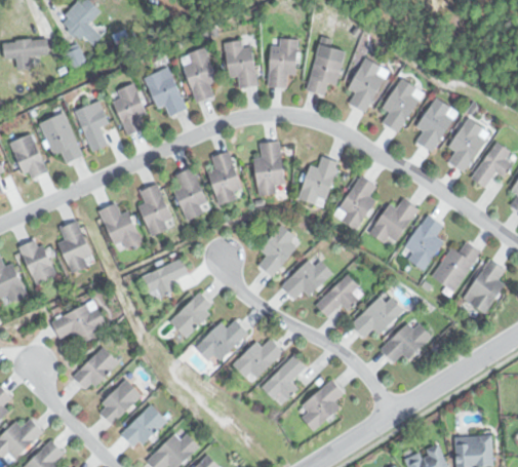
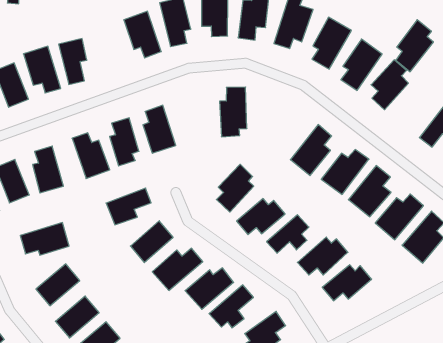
building: [112,83,147,137] -> none
building: [448,117,487,173] -> [396,20,433,72]
building: [208,150,244,203] -> none
building: [298,154,340,205] -> none

